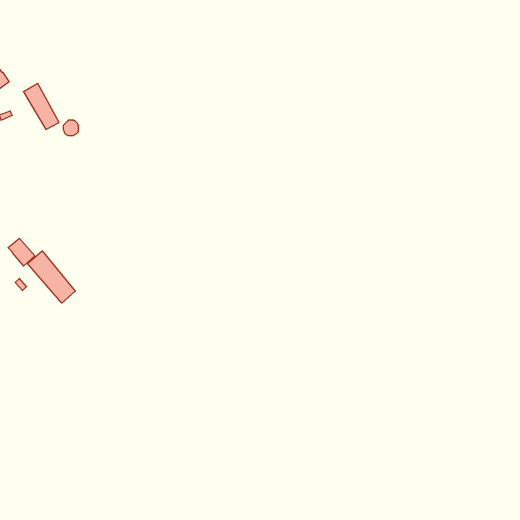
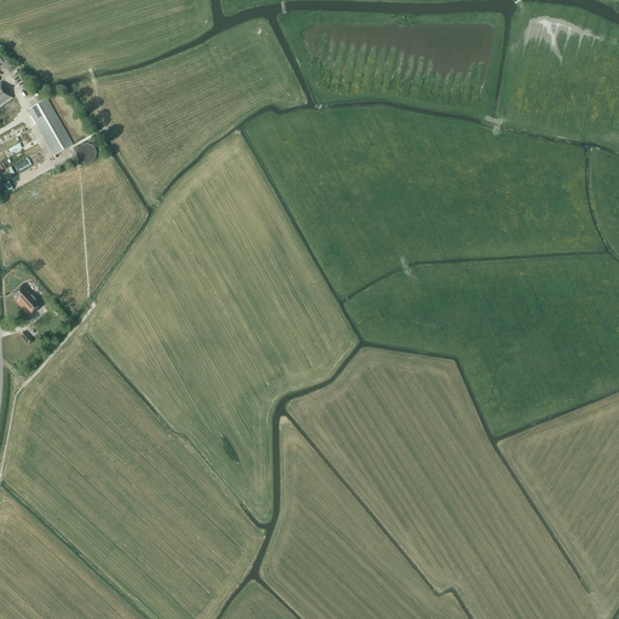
building: [27,251,75,303] -> none

